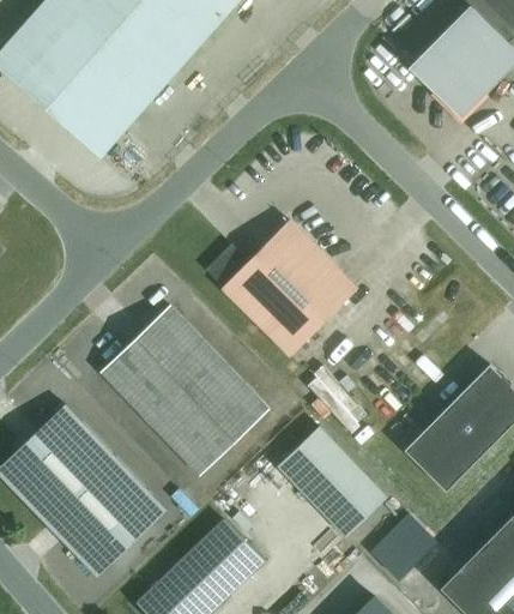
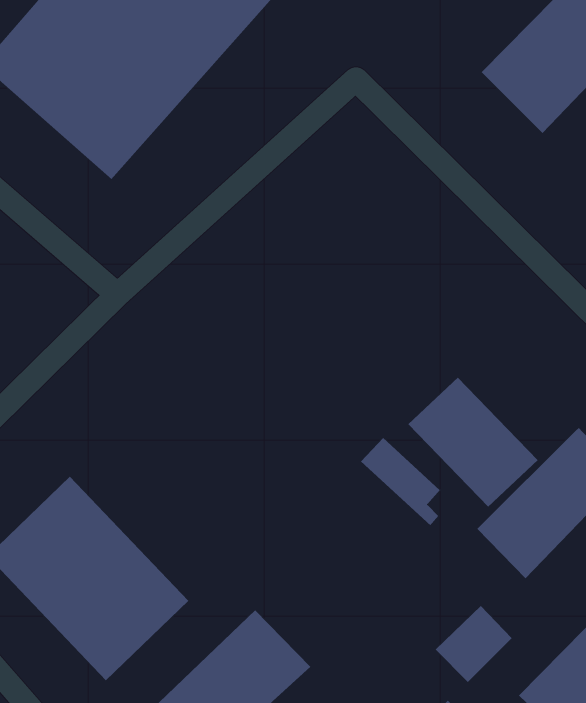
building: [206,221,357,356] -> none
building: [101,305,270,476] -> none
building: [278,427,387,536] -> [408,377,538,507]

